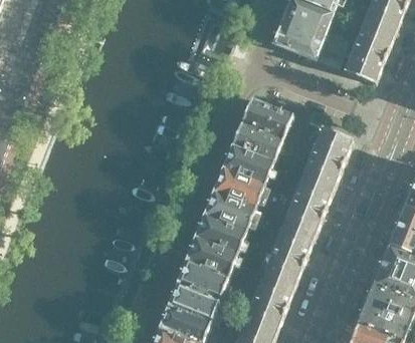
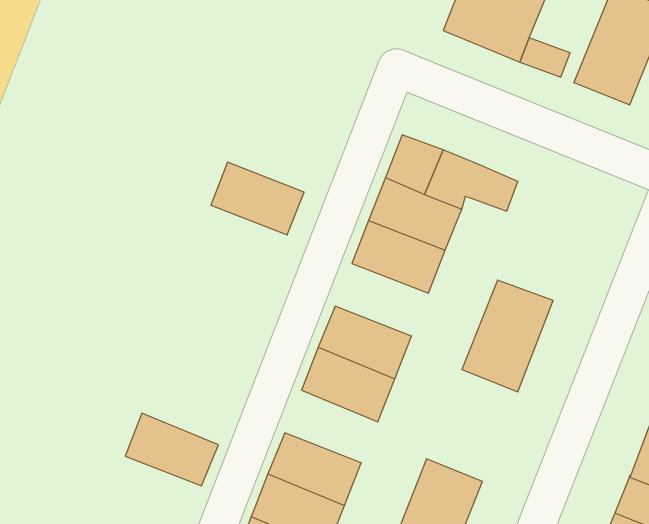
building: [301,124,351,189] -> none
building: [214,168,264,208] -> [211,162,304,235]
building: [263,226,313,286] -> none
building: [187,237,237,276] -> [125,413,218,486]

